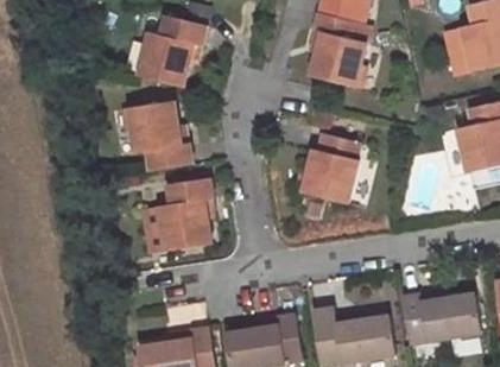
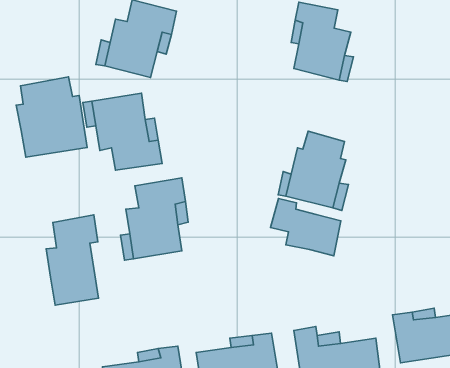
building: none -> [16,77,87,157]
building: none -> [271,198,341,256]
building: none -> [46,215,99,305]

